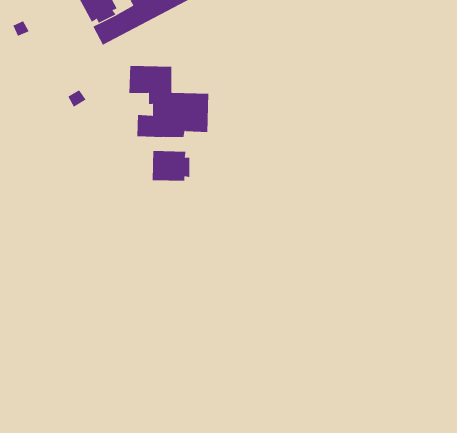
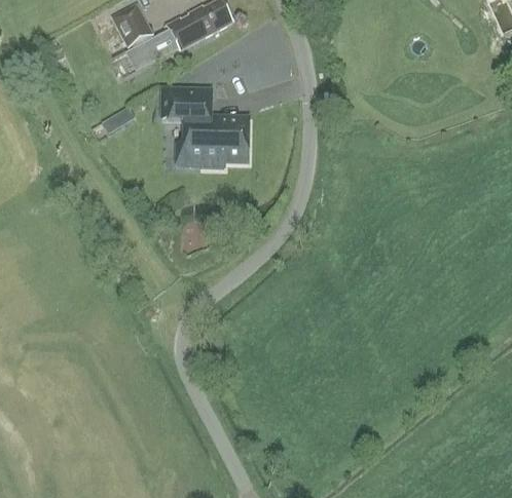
building: [152,150,190,182] -> none

